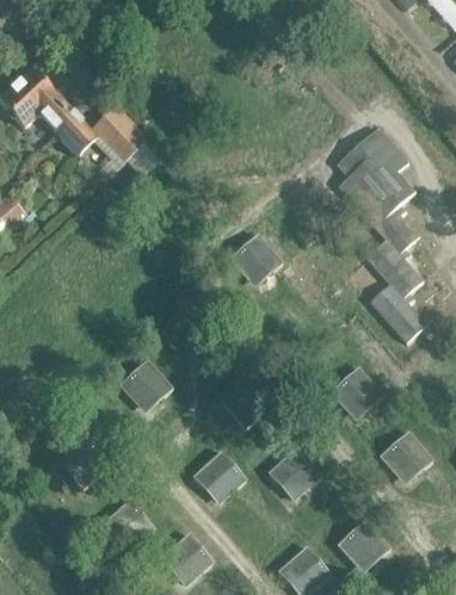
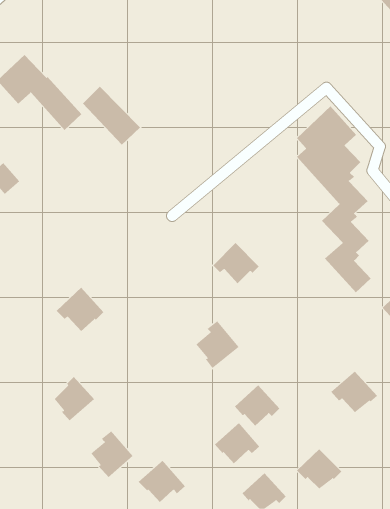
building: [229,234,283,281] -> [212,242,260,284]
building: [117,359,172,410] -> [56,287,104,332]
building: [329,366,383,414] -> none
building: [191,452,244,500] -> [214,422,260,464]

